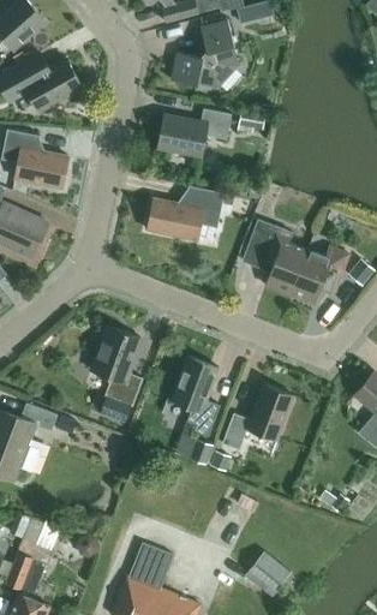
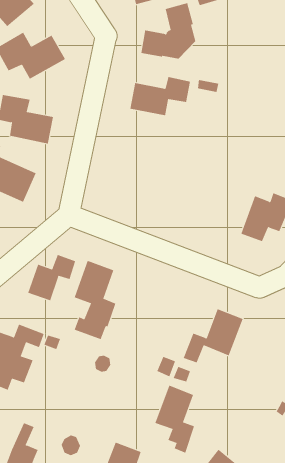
building: [146,186,234,240] -> none
building: [241,220,306,295] -> none
building: none -> [28,254,76,301]
building: [170,356,219,437] -> [155,385,195,453]

